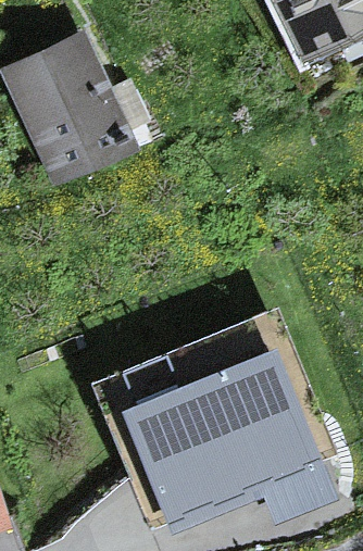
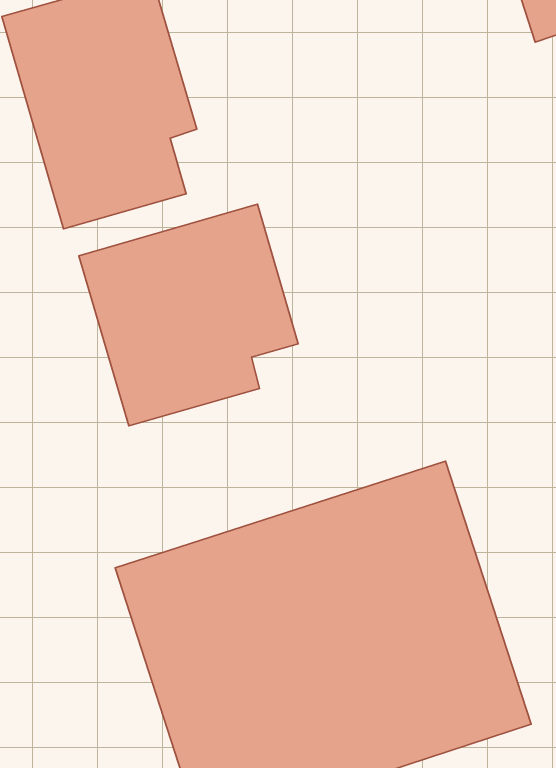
building: none -> [79,204,298,426]

